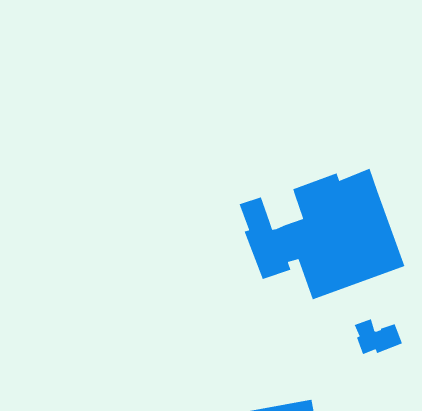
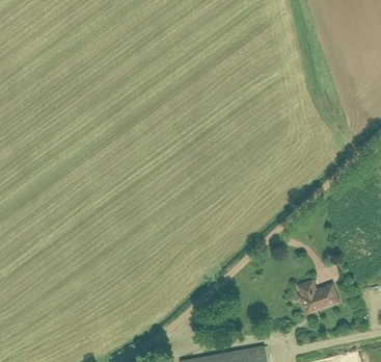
building: [239,168,405,300] -> none

